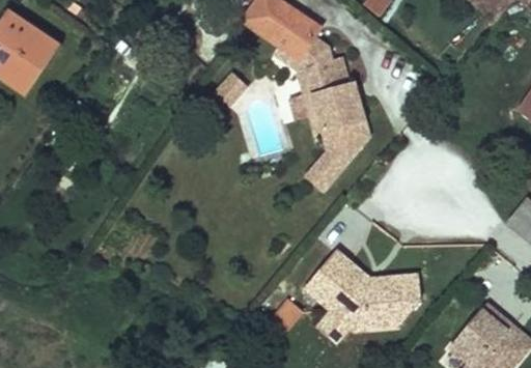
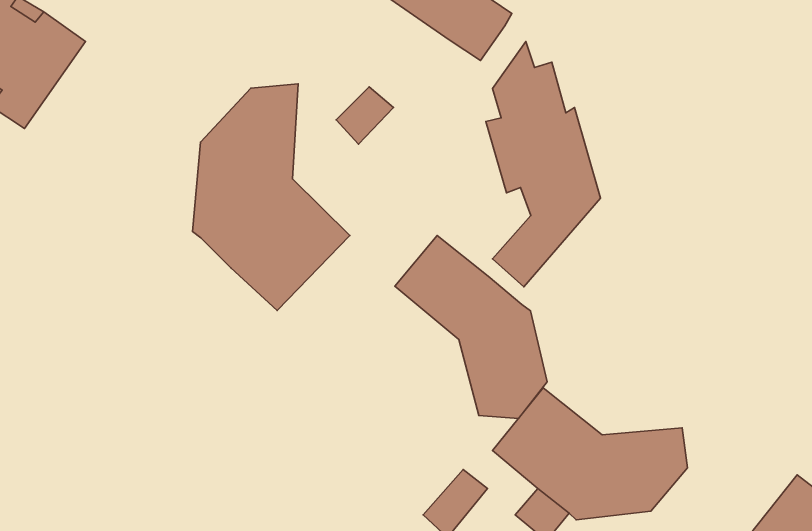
building: [273,34,325,91] -> none
building: none -> [193,84,350,311]
building: none -> [395,235,547,418]

